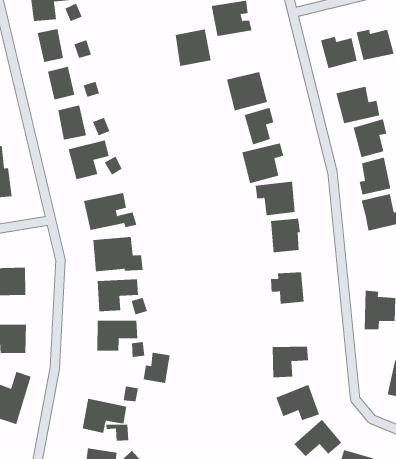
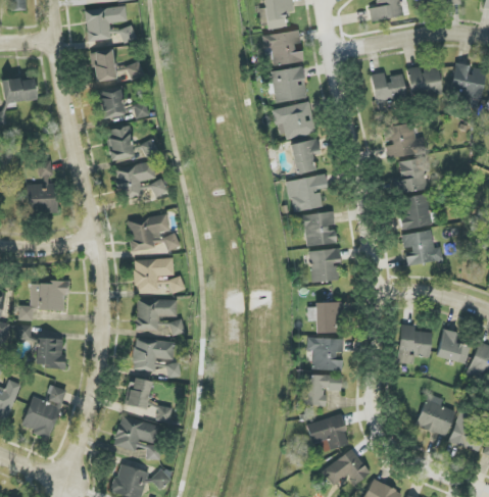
building: [175,29,211,66] -> [272,66,306,102]
building: none -> [306,337,343,370]
building: [143,352,171,384] -> [124,378,152,409]

